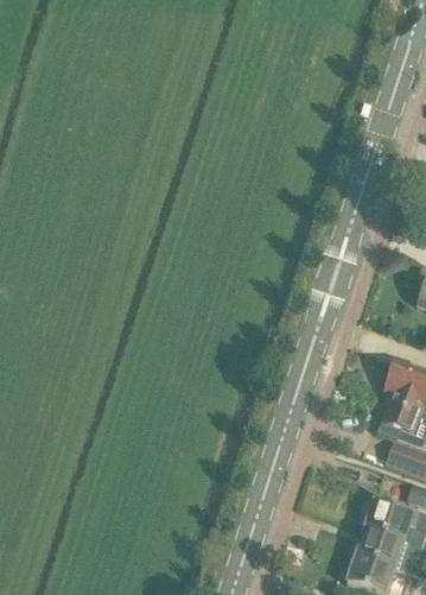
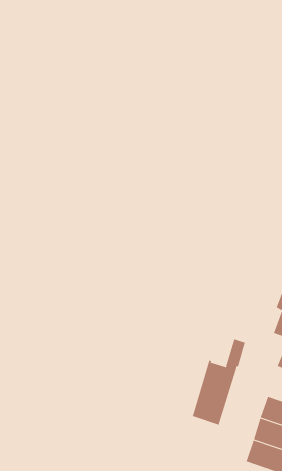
building: none -> [192,338,245,425]

